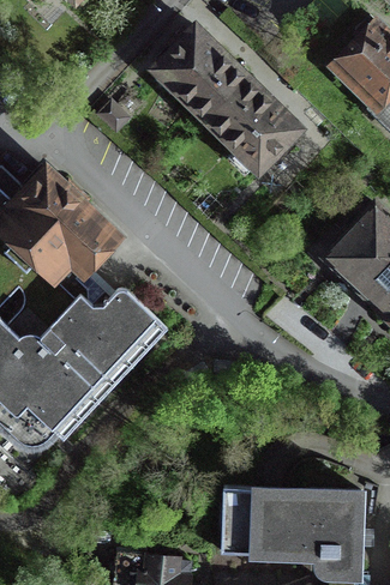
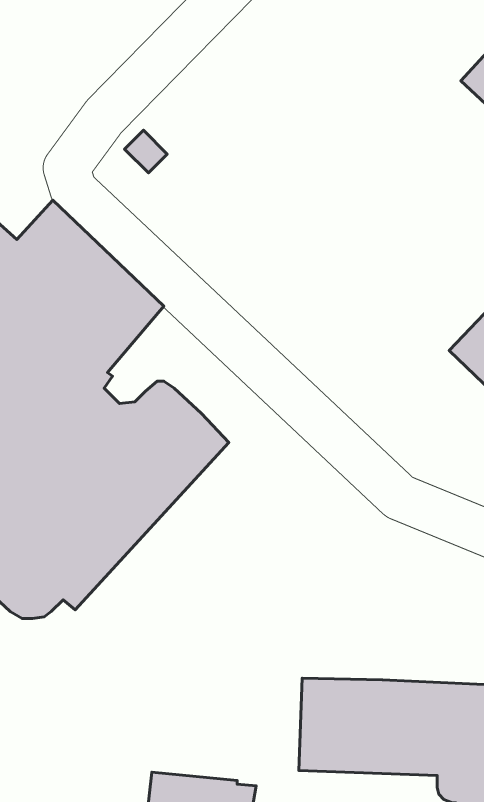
building: [154,28,298,171] -> none

